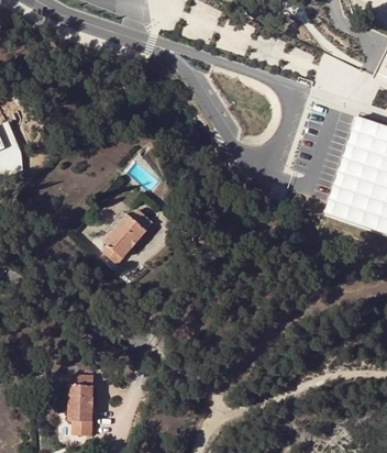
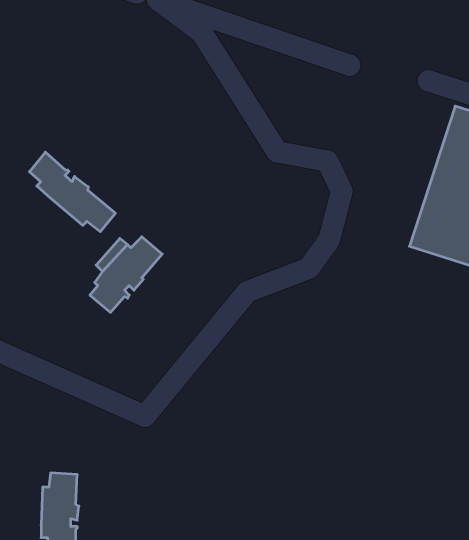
building: none -> [29,152,115,232]

